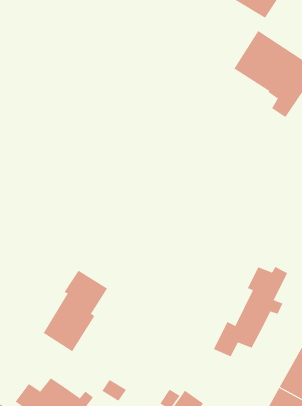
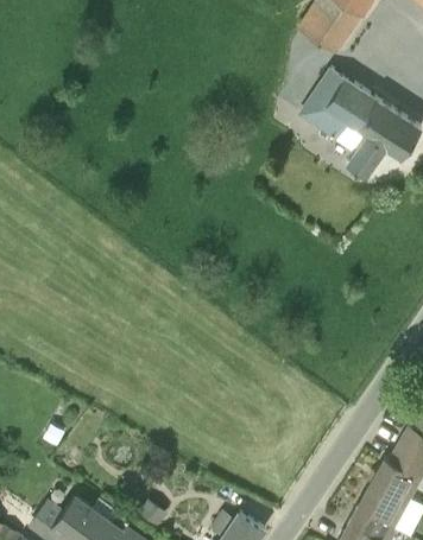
building: [213,266,288,357] -> none
building: [40,270,108,352] -> none

